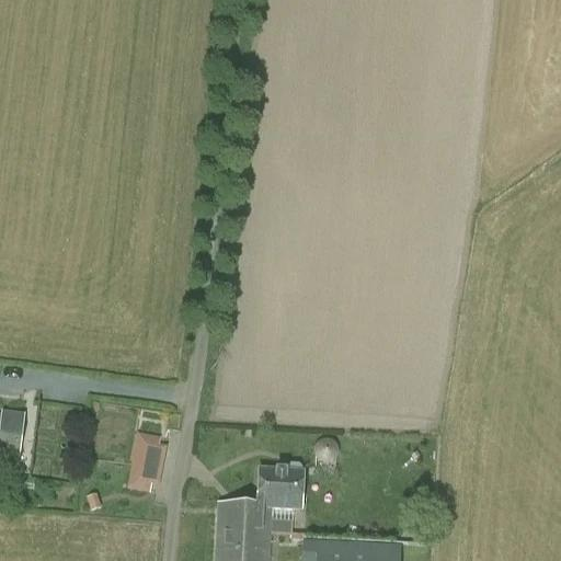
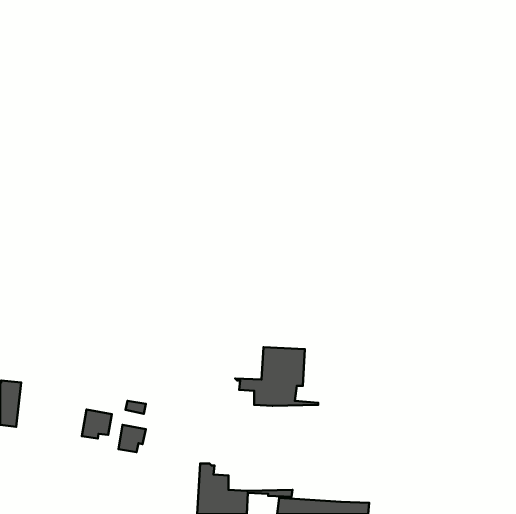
building: none -> [82,409,112,439]
building: [228,468,318,531] -> [235,347,318,406]

